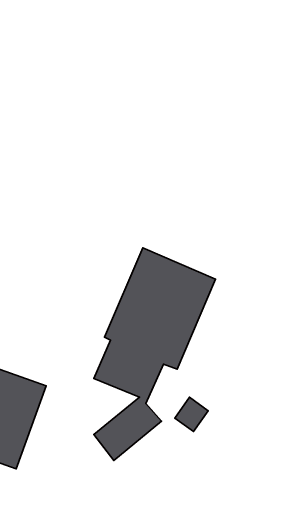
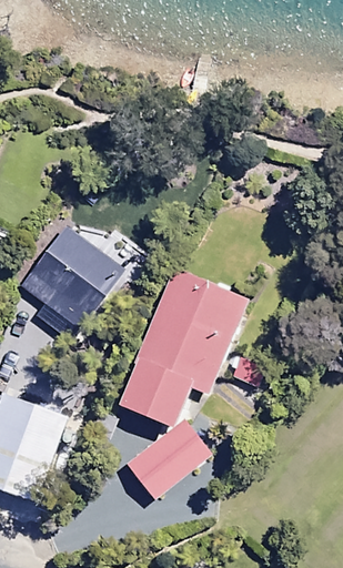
building: none -> [24,226,125,326]

